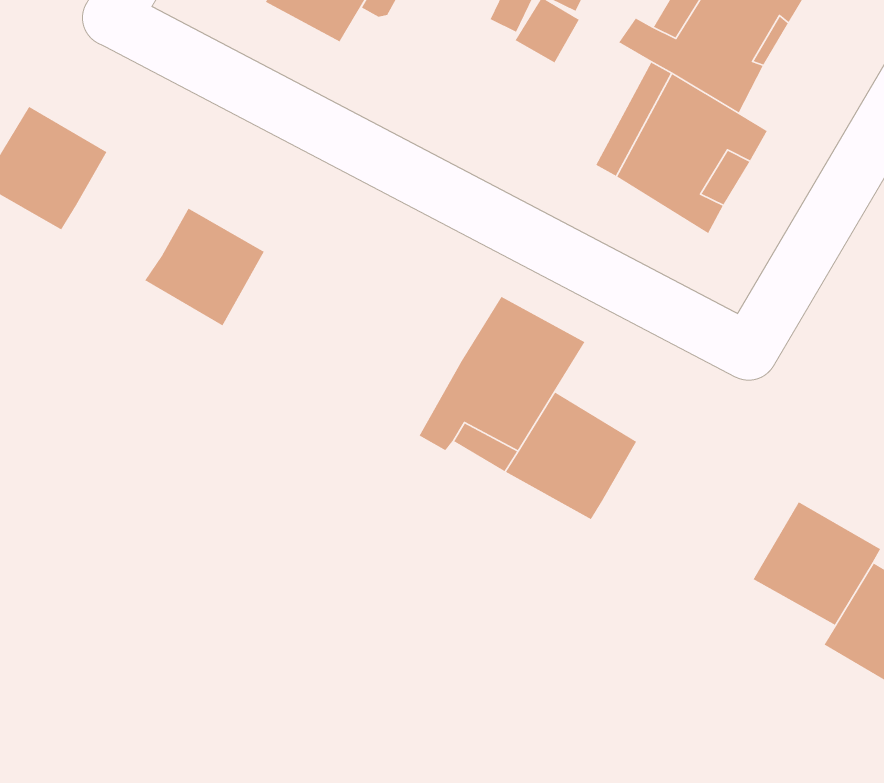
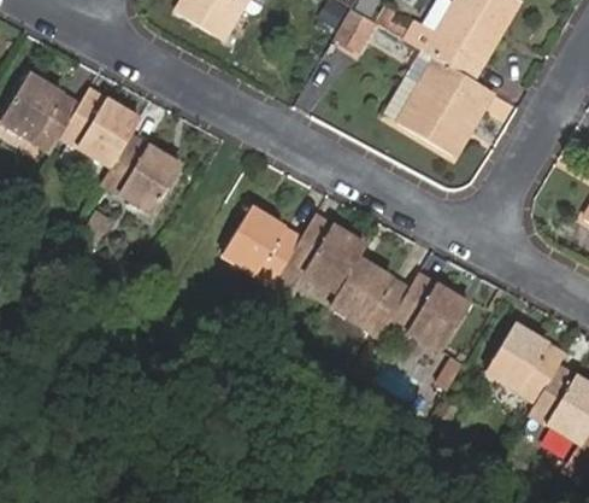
building: none -> [60,89,141,169]
building: none -> [223,207,301,282]
building: none -> [390,275,467,351]

